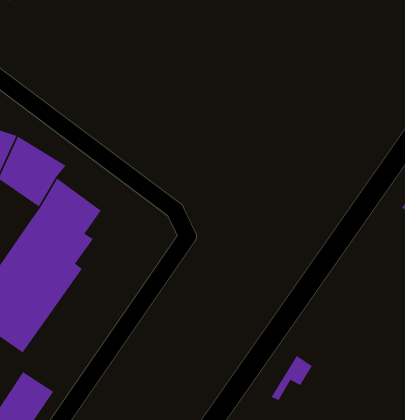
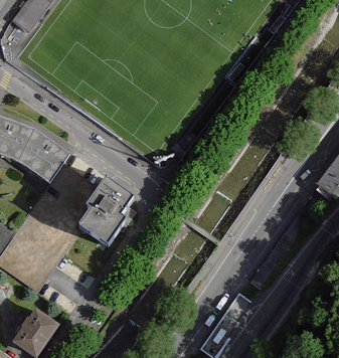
building: none -> [76,175,131,246]

